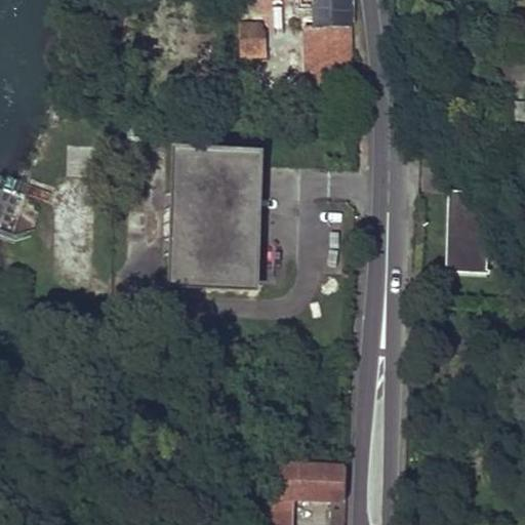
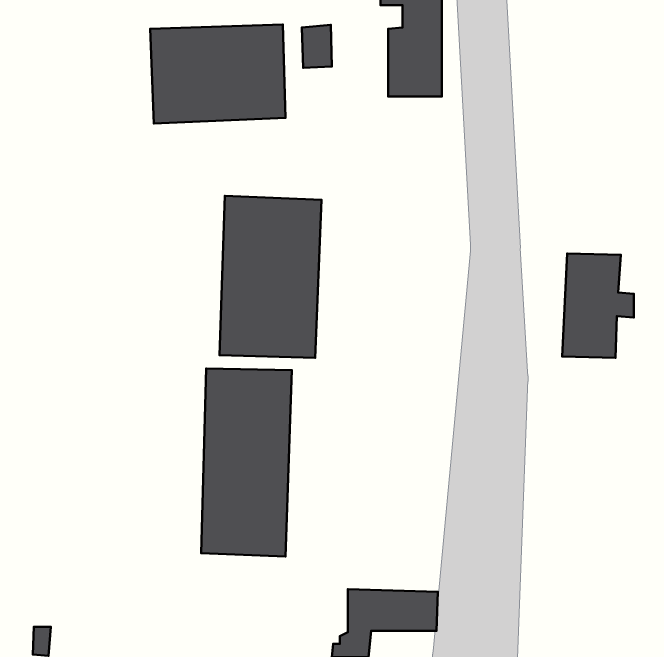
building: none -> [150,25,285,123]
building: none -> [201,368,292,557]

